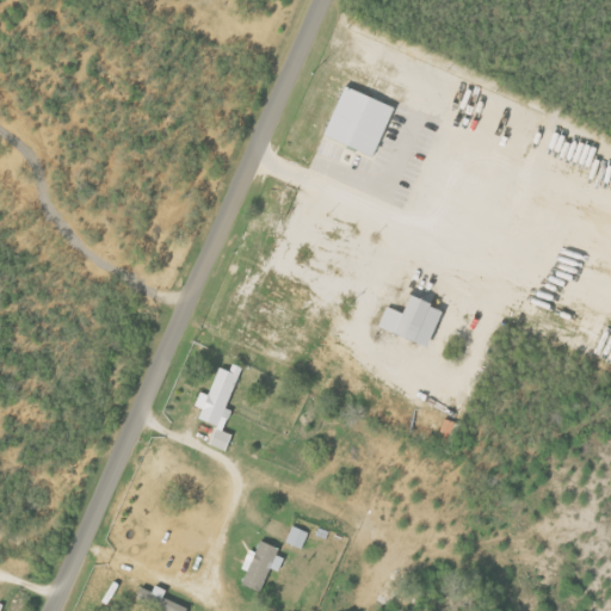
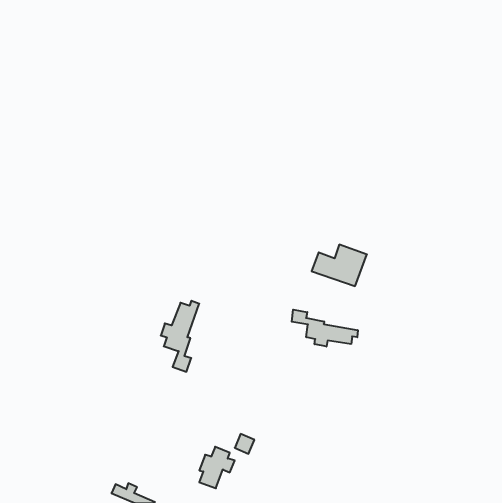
building: [325,86,395,156] -> none
building: none -> [292,310,358,347]

